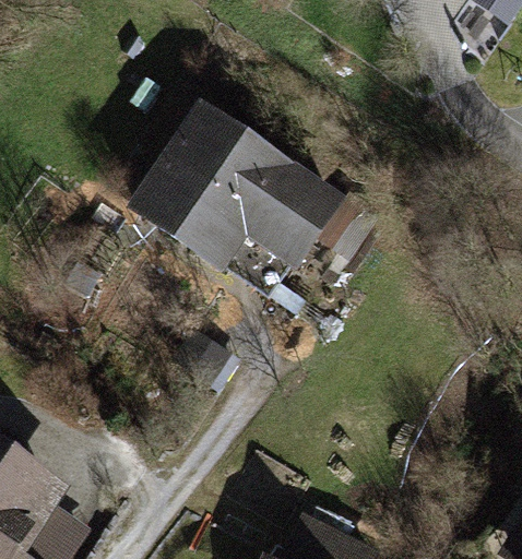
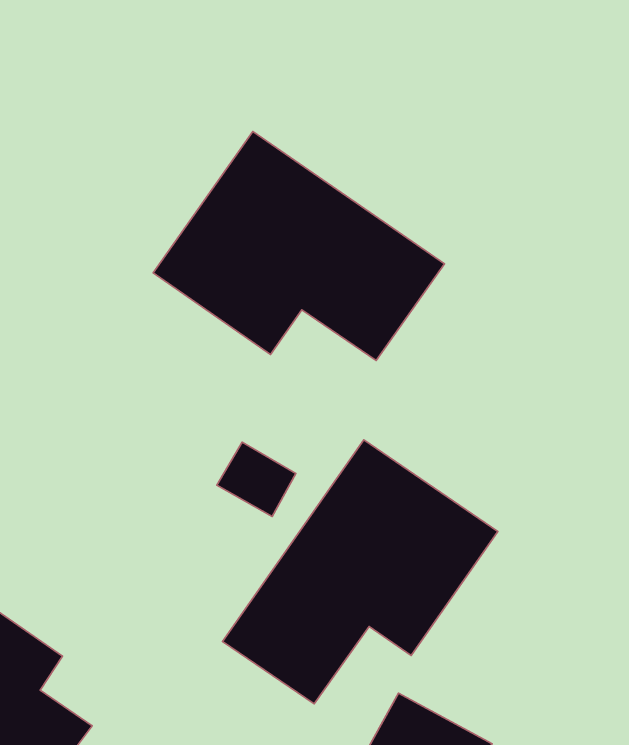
building: none -> [222,440,498,704]

